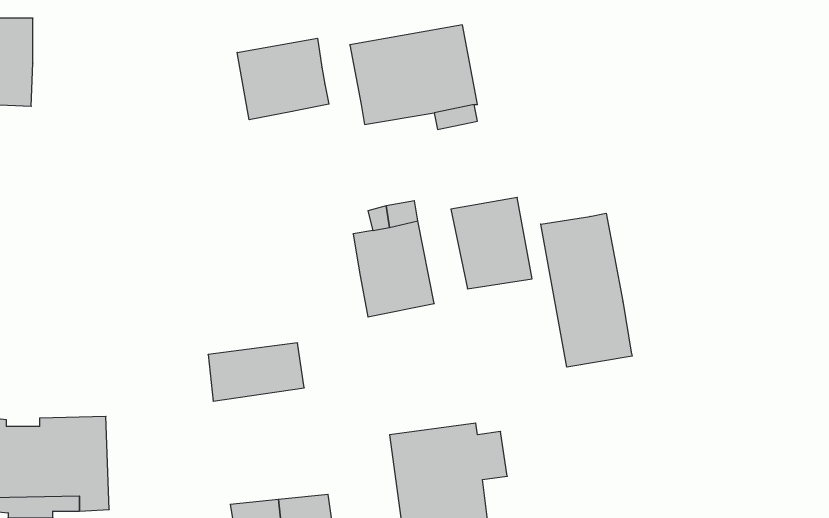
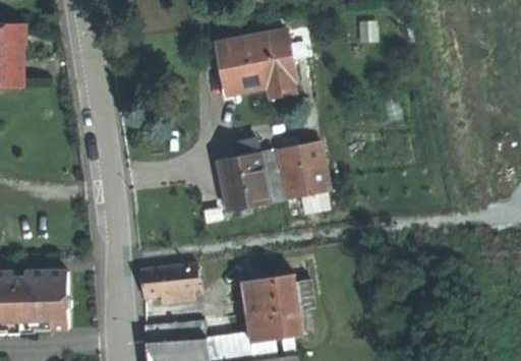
building: [237,38,329,120] -> none
building: [541,213,632,367] -> none
building: [208,343,304,401] -> [140,263,199,299]

